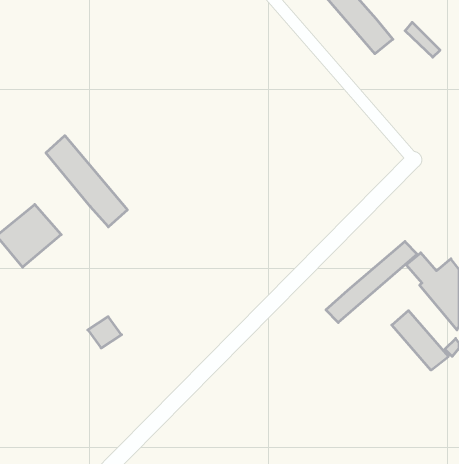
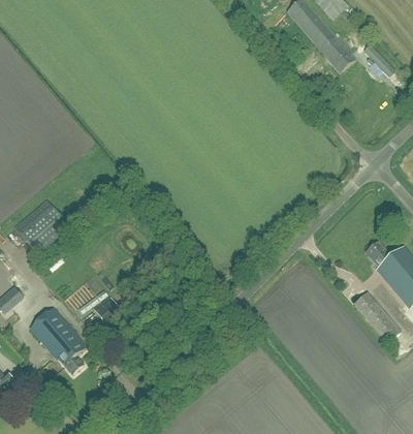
building: [46,136,127,227] -> none
building: [326,241,417,323] -> none
building: none -> [29,307,87,373]

